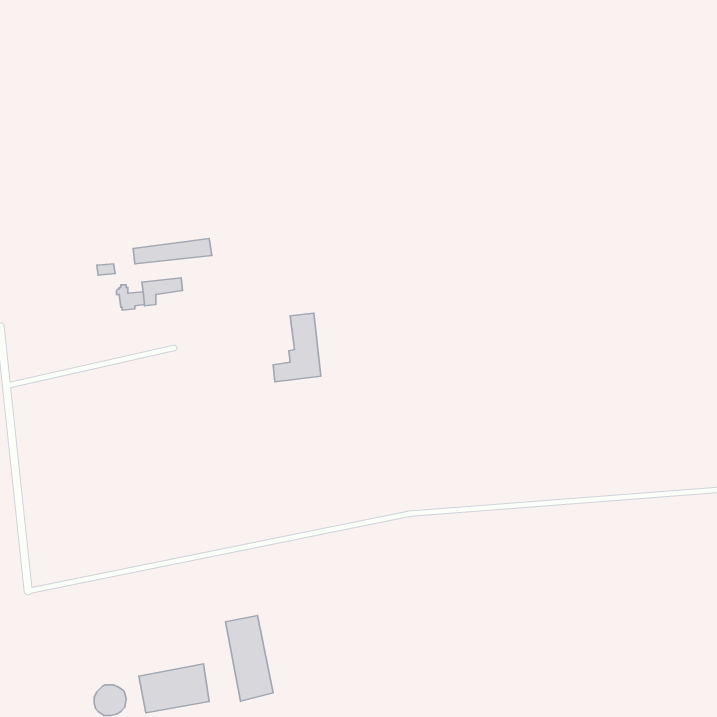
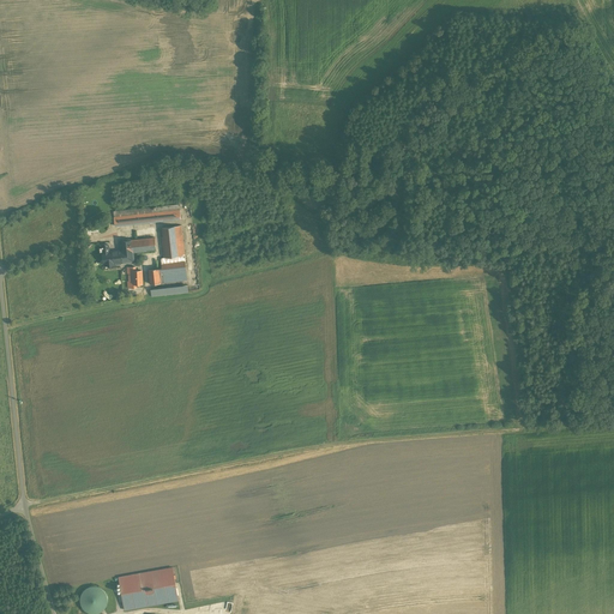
building: [273,313,321,382] -> [148,225,188,284]
building: [225,616,273,701] -> none

